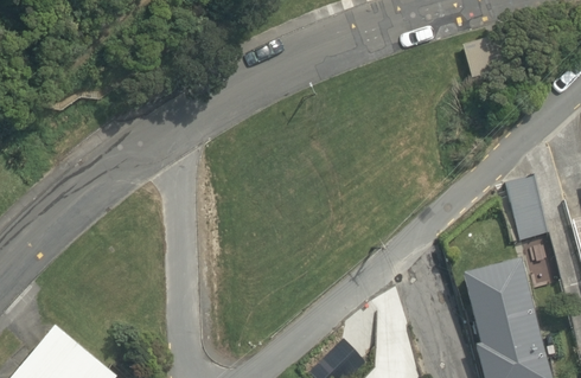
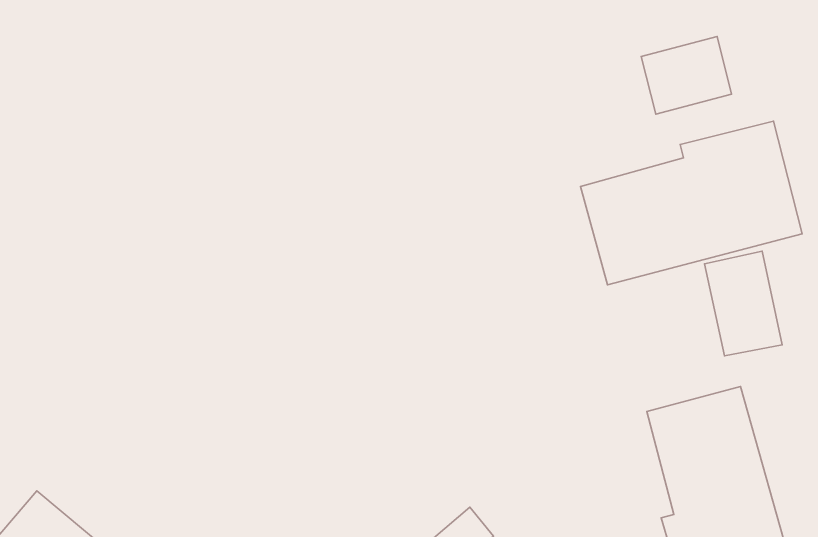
building: none -> [581,121,802,285]

